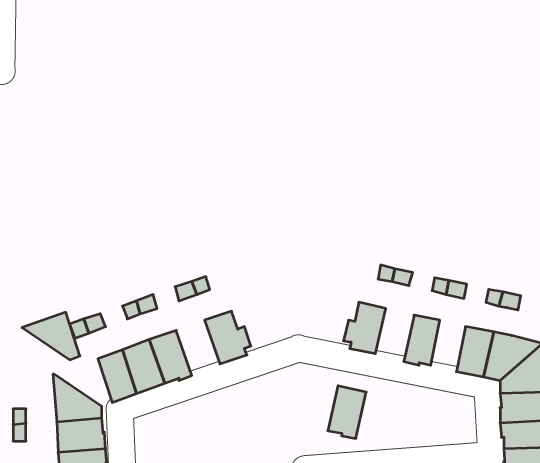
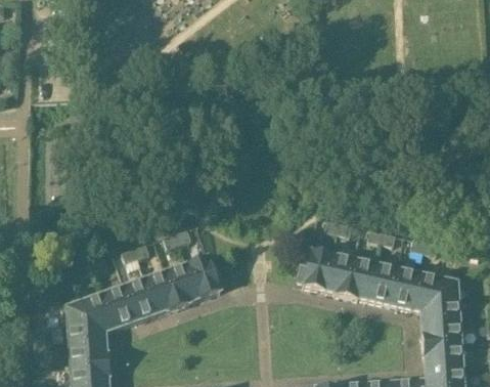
building: [22,312,80,360] -> [66,292,113,330]
building: none -> [164,261,198,305]
building: none -> [366,261,394,302]
building: [328,386,366,438] -> [322,252,353,294]

